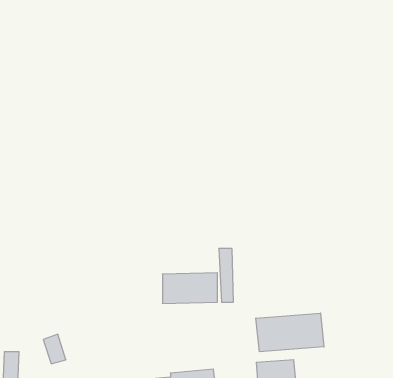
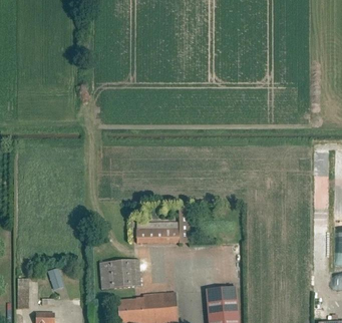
building: [256,313,324,352] -> none
building: none -> [98,259,139,289]

